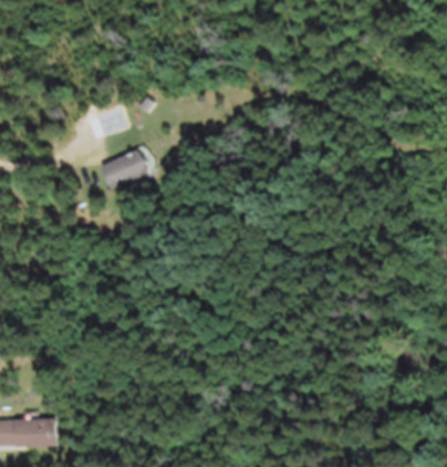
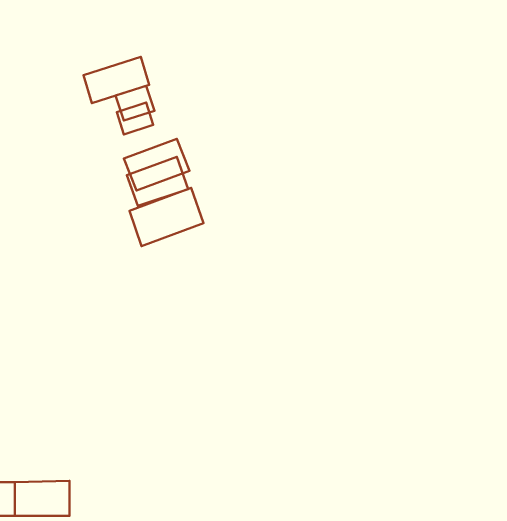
building: none -> [84,57,149,103]
building: none -> [129,188,203,246]

